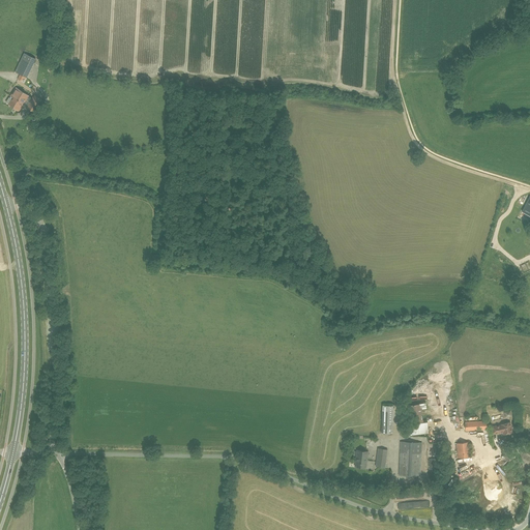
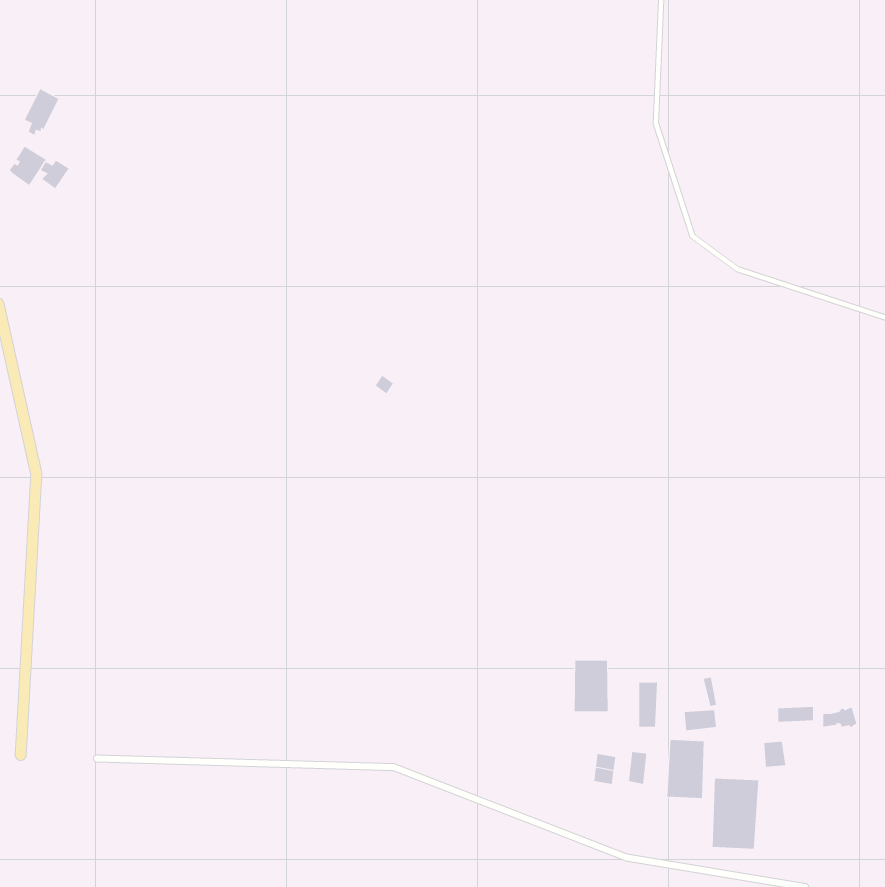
building: none -> [574,660,608,712]
building: none -> [712,778,759,850]

